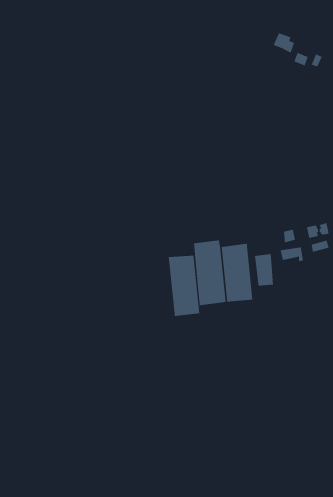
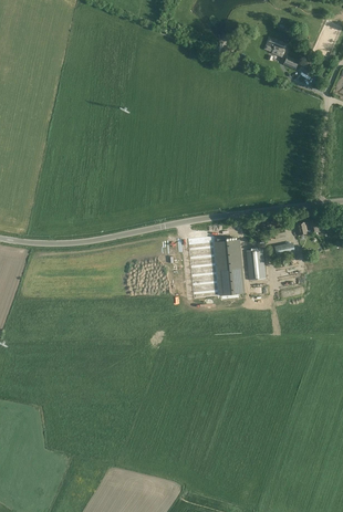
building: [168,255,200,317] -> none

